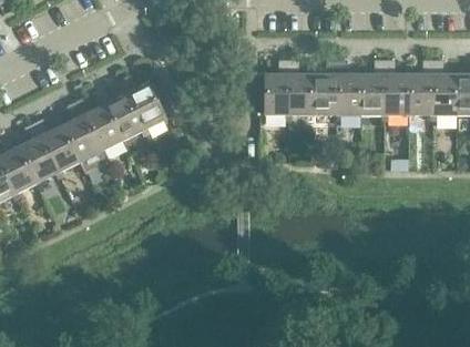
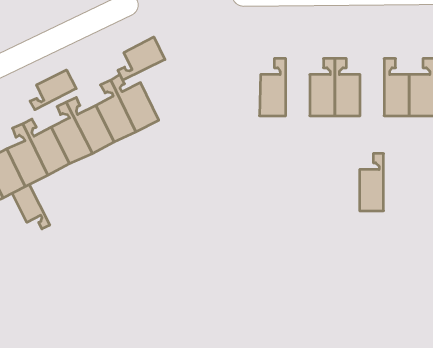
building: none -> [118,37,165,80]
building: [288,59,311,114] -> none
building: [360,59,384,114] -> [360,154,384,211]
building: none -> [30,70,76,110]
building: none -> [12,185,50,229]

